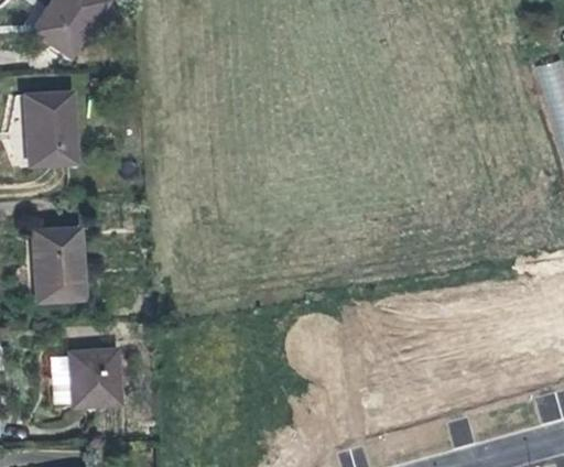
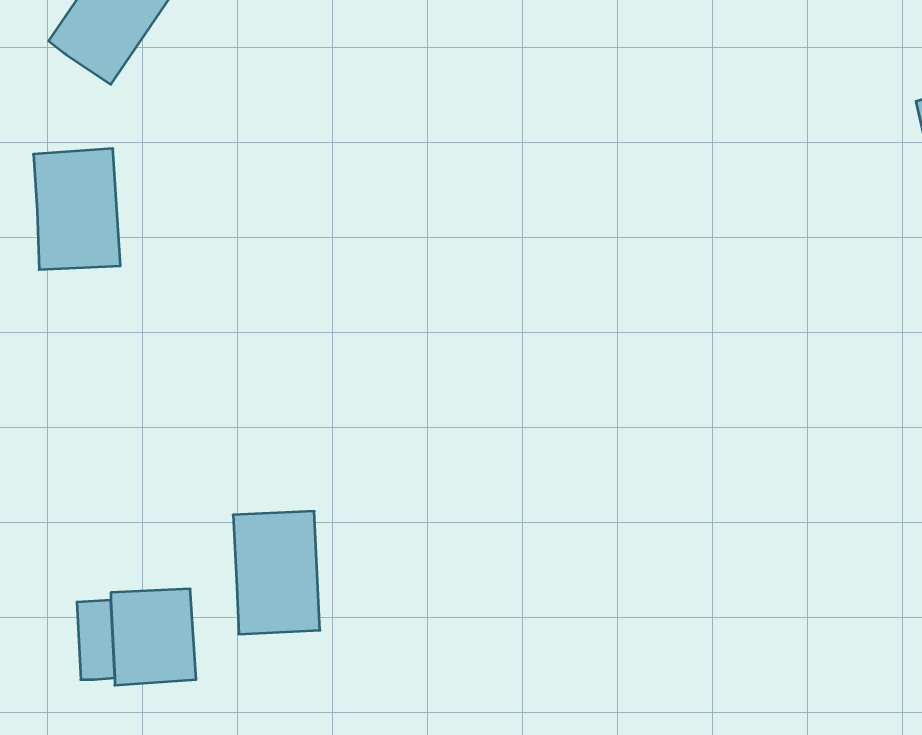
building: [34,228,85,300] -> [233,511,320,634]

